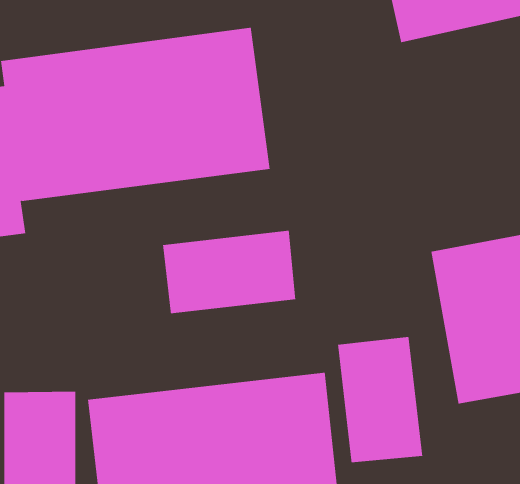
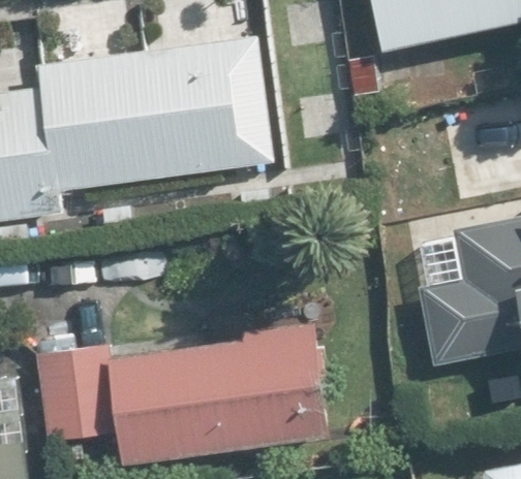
building: [163,230,296,314] -> none
building: [338,336,423,463] -> none

